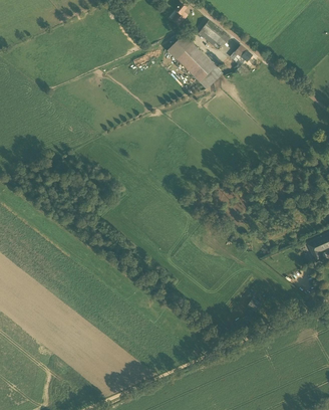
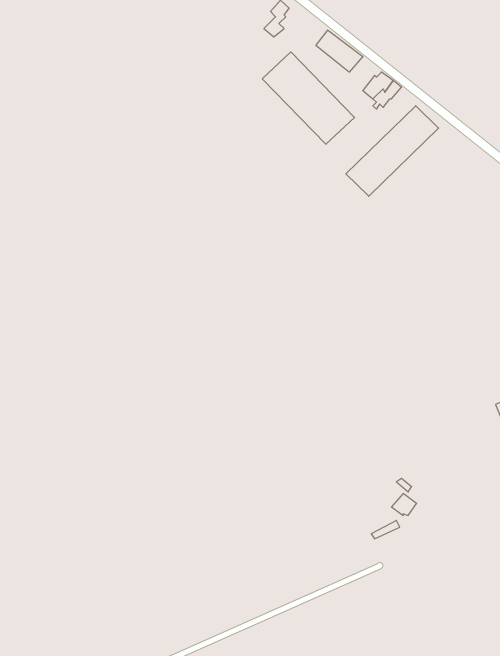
building: none -> [346,106,439,196]

